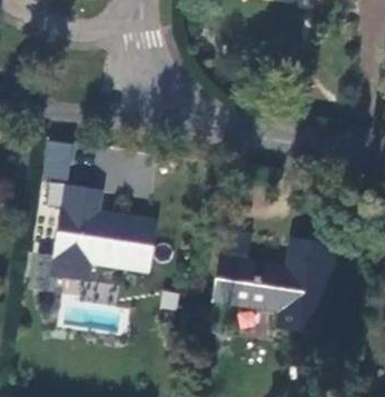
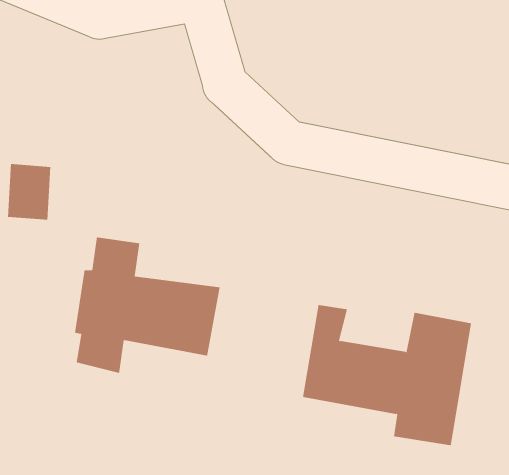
building: [42,141,73,181] -> [7,164,51,220]

